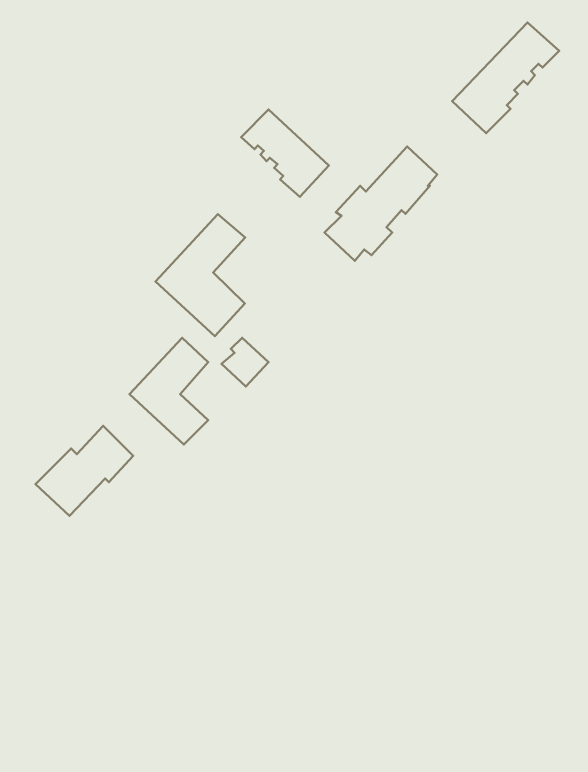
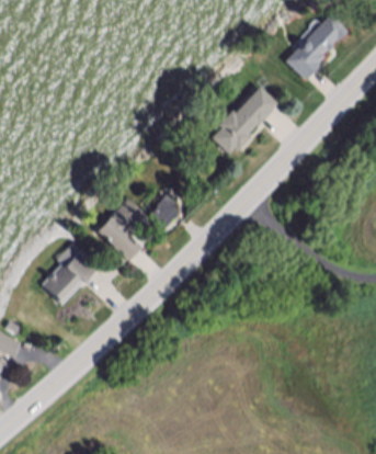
building: [241,110,329,197] -> none
building: [156,214,245,336] -> none

